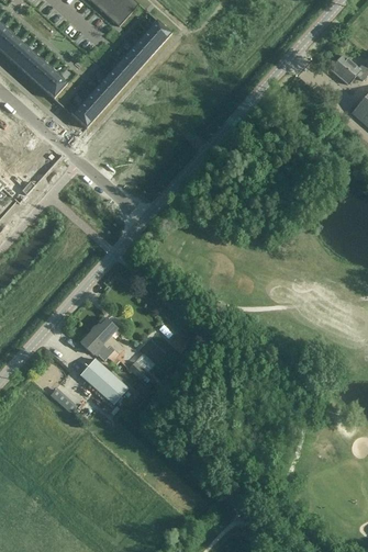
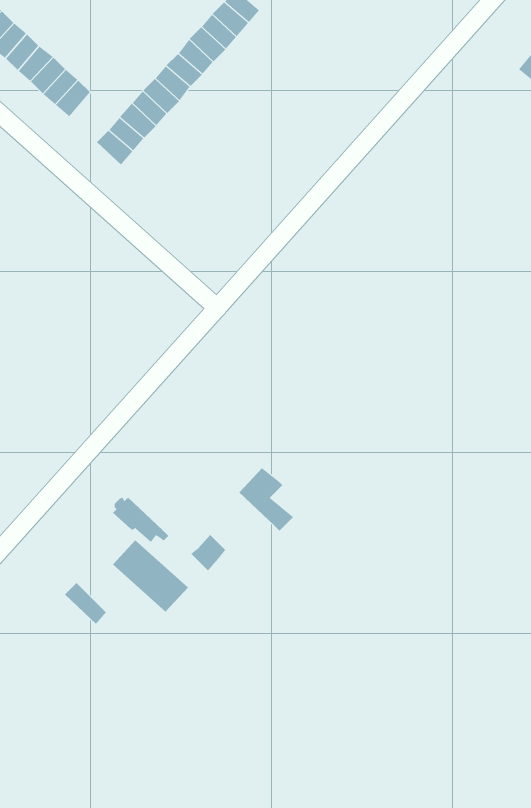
building: [90,316,124,356] -> [239,467,294,532]

